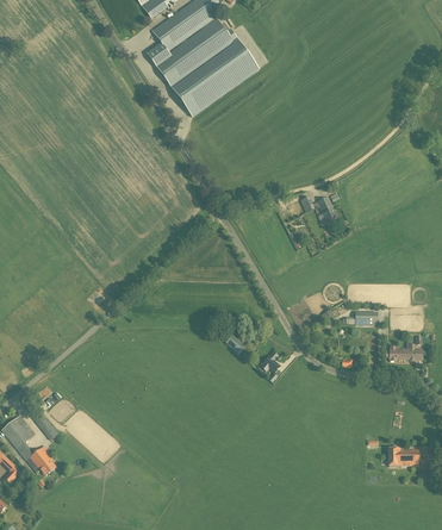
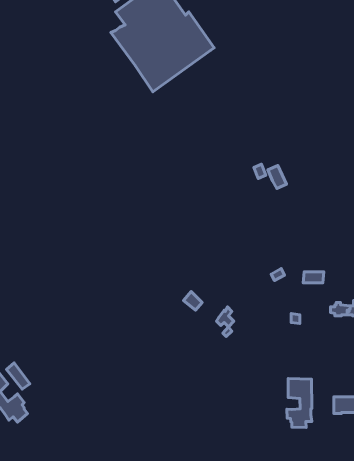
building: none -> [287,379,312,427]

